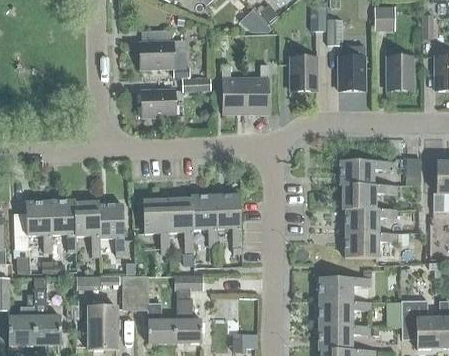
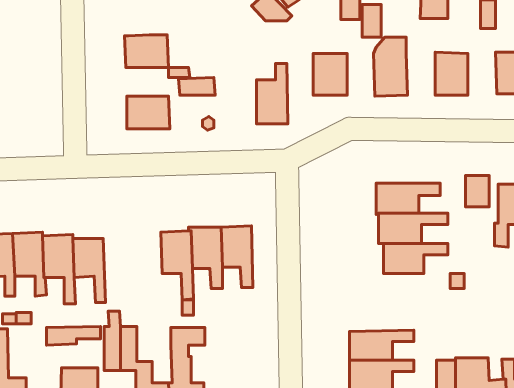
building: [221,65,244,114] -> none
building: [143,199,170,253] -> none
building: [345,232,396,256] -> none

